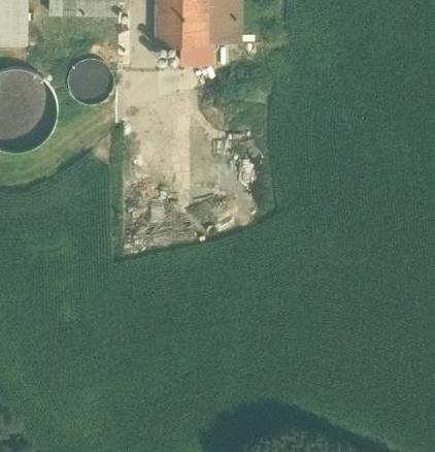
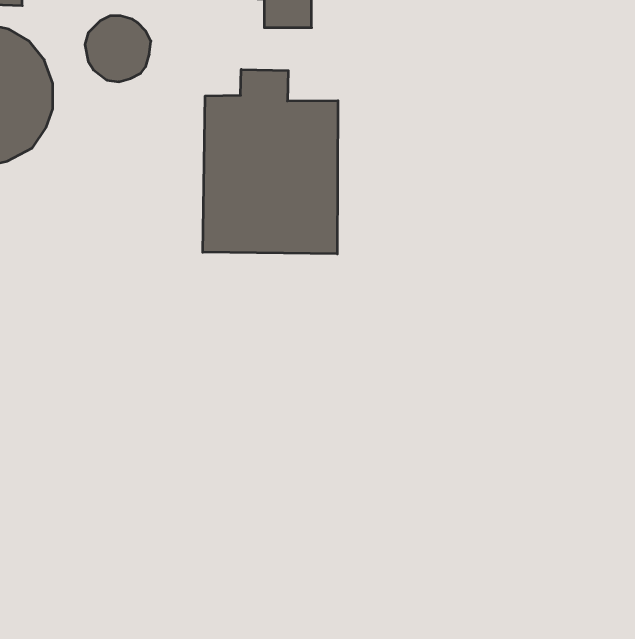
building: none -> [203,69,338,254]

